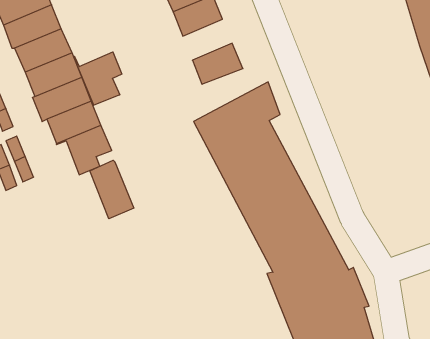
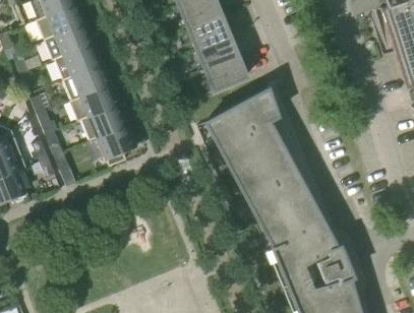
building: none -> [197,35,239,69]
building: [74,52,122,105] -> none
building: [90,160,134,219] -> none

